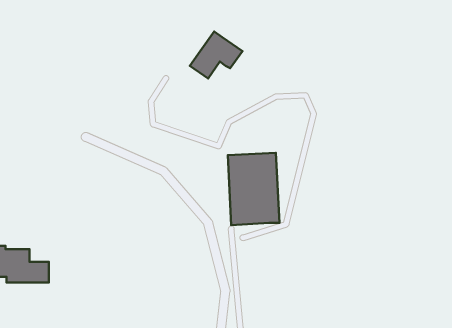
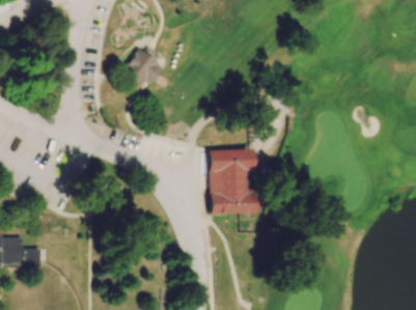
building: [190,32,243,79] -> [119,50,167,92]

